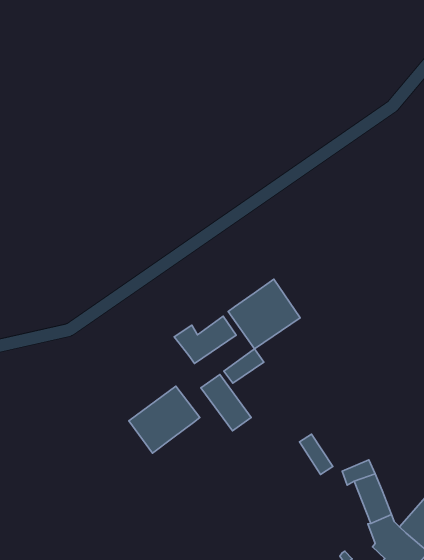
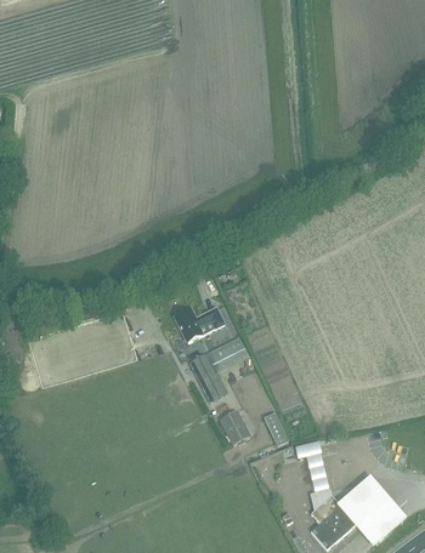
building: [228,279,300,349] -> none
building: [129,386,200,453] -> none
building: none -> [220,410,250,444]

